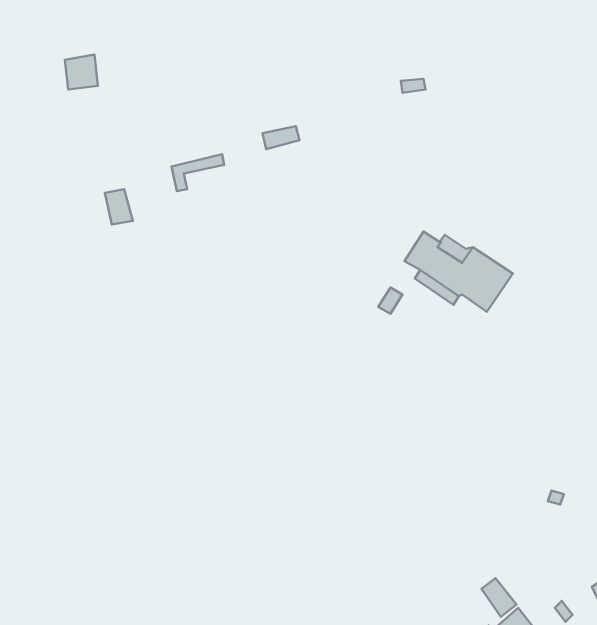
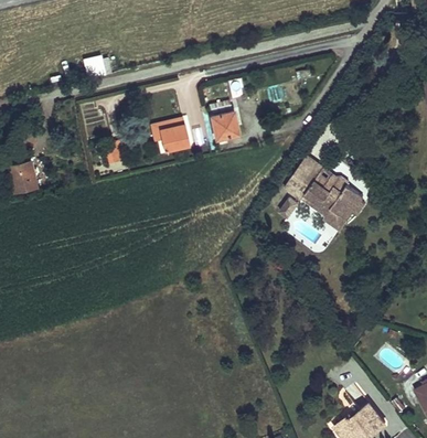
building: none -> [211,114,239,141]
building: none -> [159,127,189,152]

